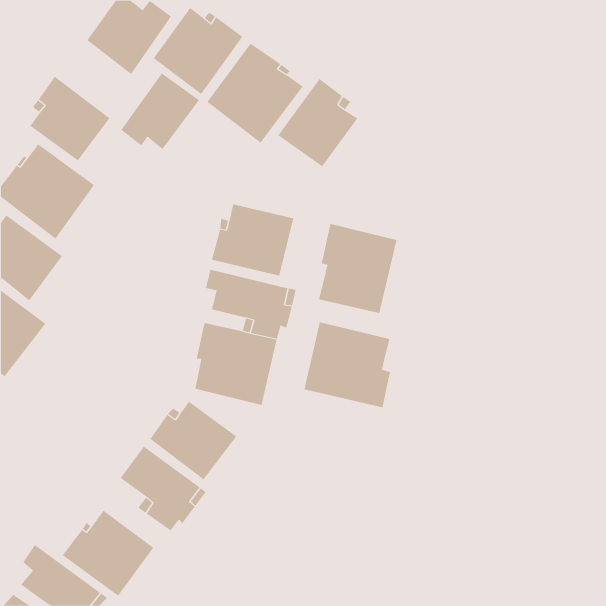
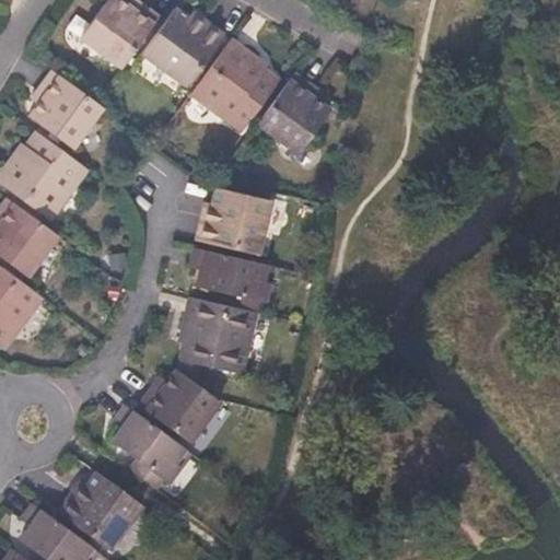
building: [120,72,200,150] -> none
building: [319,223,397,314] -> none
building: [304,322,390,408] -> none

